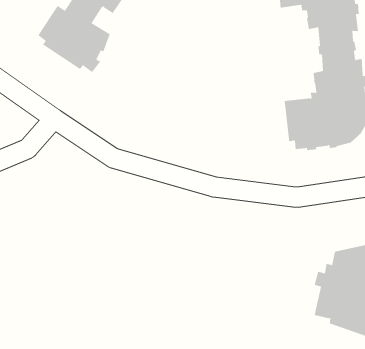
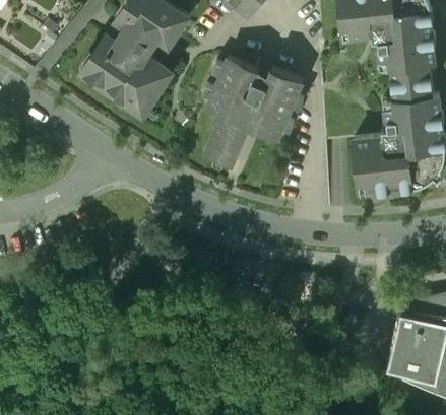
building: none -> [207,58,303,162]

